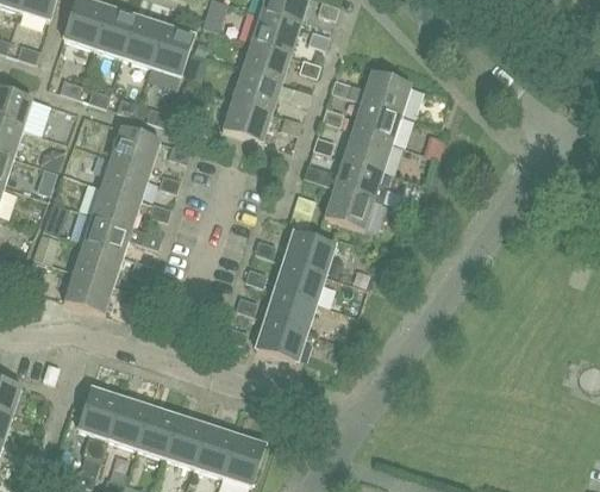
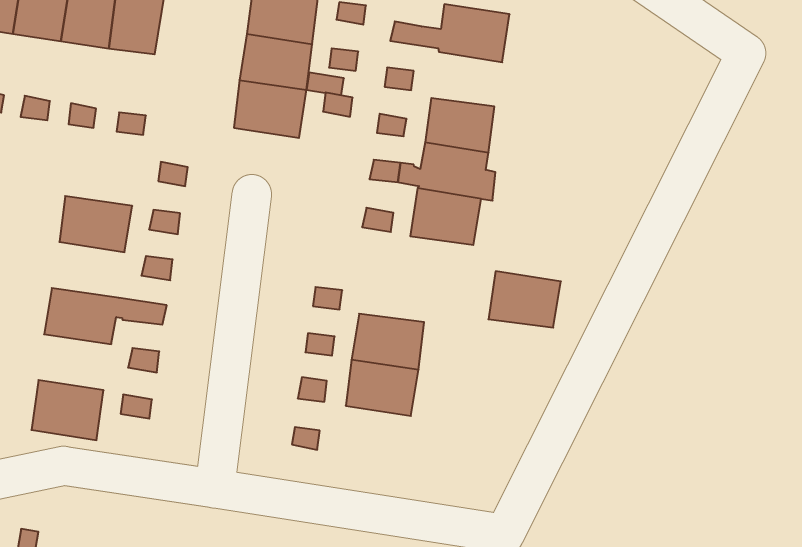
building: [352,101,401,142] -> none
building: [110,125,161,168] -> none
building: [92,183,142,225] -> none
building: [285,230,335,272] -> [488,271,561,328]
building: [74,241,124,282] -> none
building: [257,317,307,360] -> none

